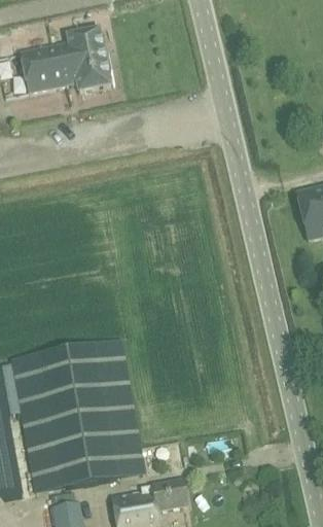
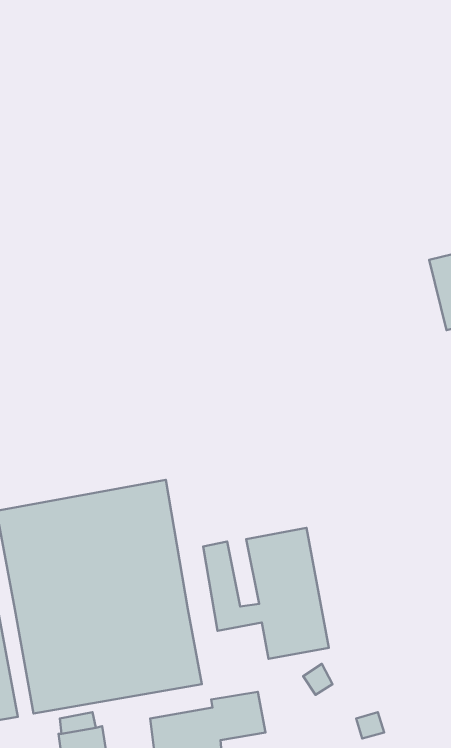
building: [21,29,111,94] -> none
building: none -> [203,528,329,659]

